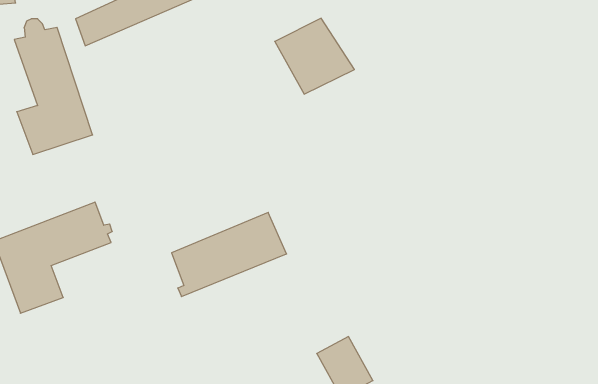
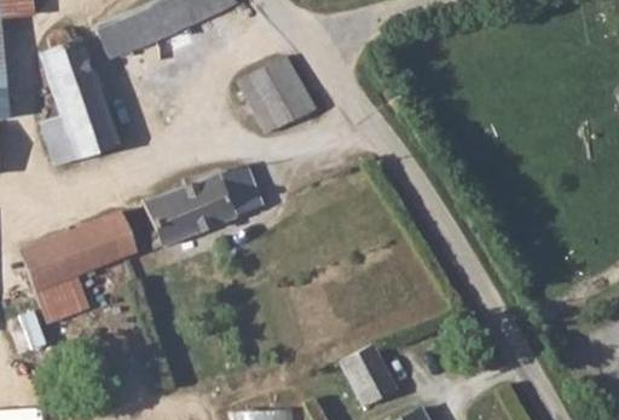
building: [275,18,354,94] -> [235,57,313,132]
building: [172,212,287,297] -> [144,163,258,247]

